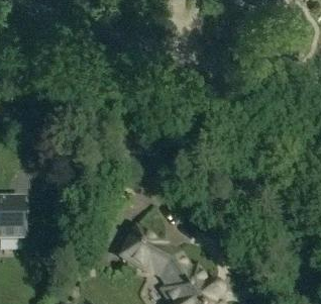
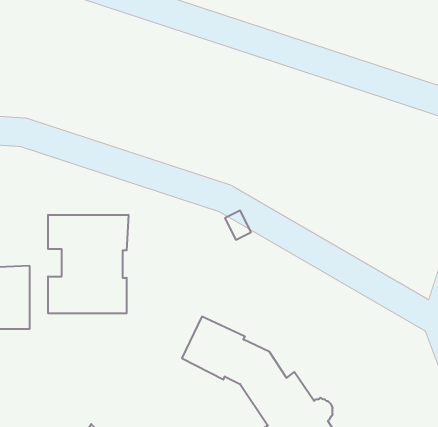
building: none -> [48,215,128,313]

